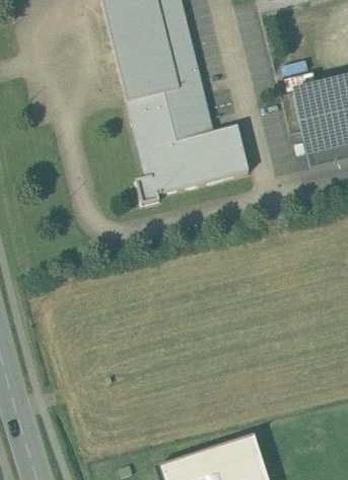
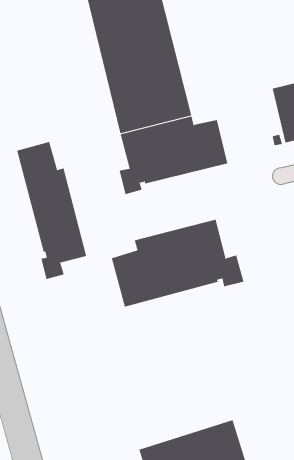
building: none -> [16,141,87,280]
building: none -> [111,219,244,308]

